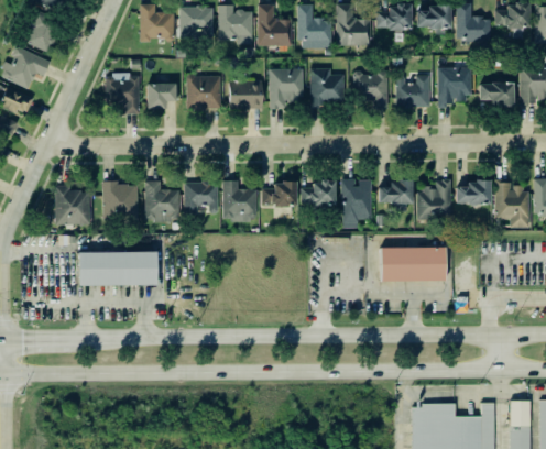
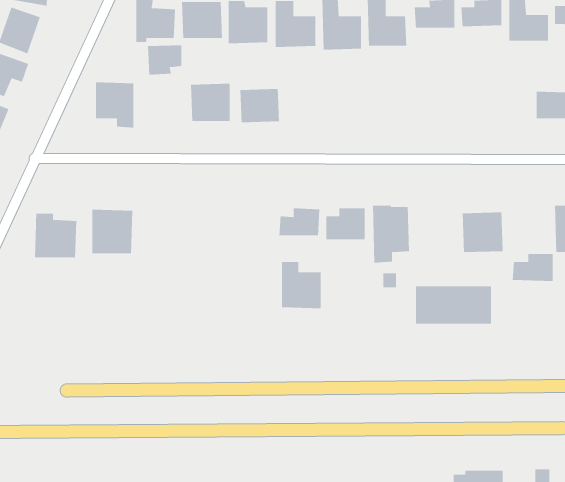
building: [437,67,471,108] -> none
building: [270,68,303,109] -> none
building: [310,68,345,107] -> none
building: [353,72,389,110] -> none
building: [395,75,430,107] -> none
building: [146,83,176,109] -> [147,44,182,76]
building: [145,180,181,221] -> none
building: [223,180,258,221] -> [281,261,321,309]
building: [379,180,412,211] -> none
building: [456,180,491,205] -> [512,253,554,282]
building: [185,182,219,215] -> none
building: [77,252,154,286] -> none

